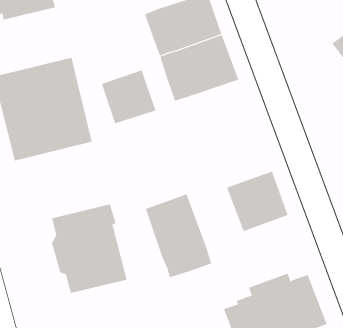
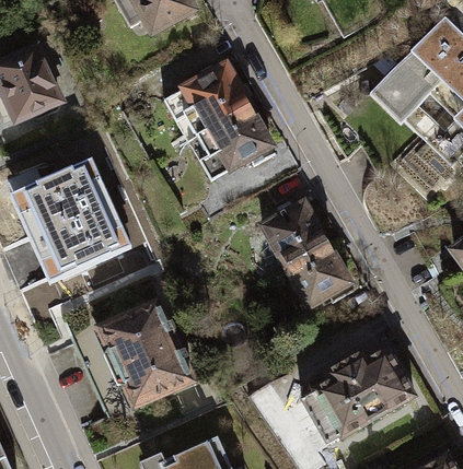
building: [101,70,156,124] -> none
building: none -> [258,199,329,268]
building: [145,193,212,278] -> none

